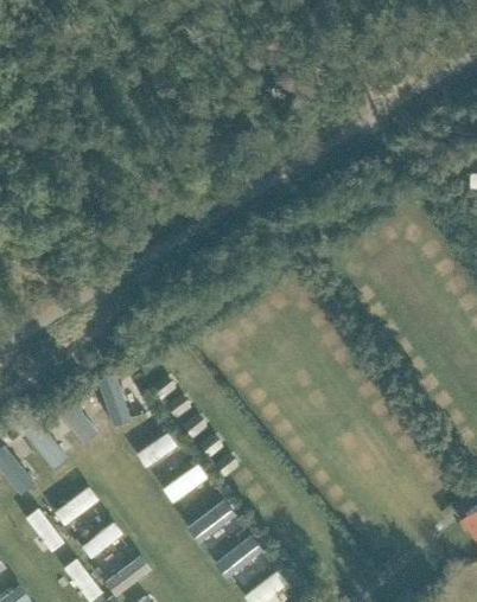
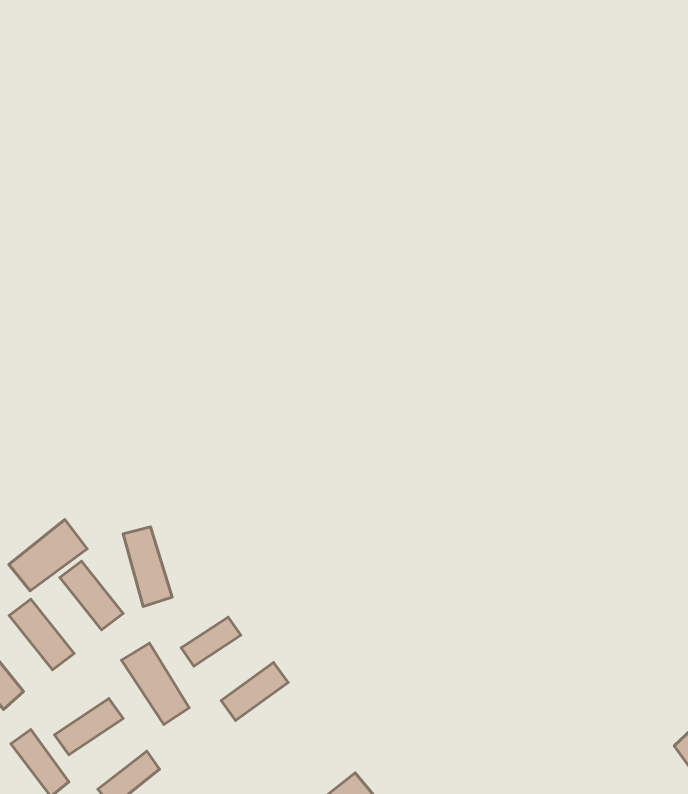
building: none -> [9,520,87,591]
building: none -> [122,643,189,725]
building: [186,501,235,544] -> none

